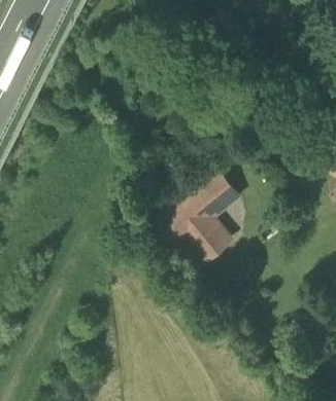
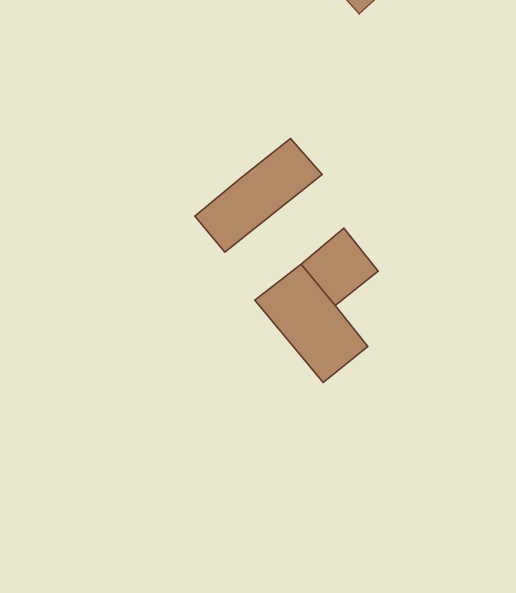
building: none -> [195,138,322,252]

